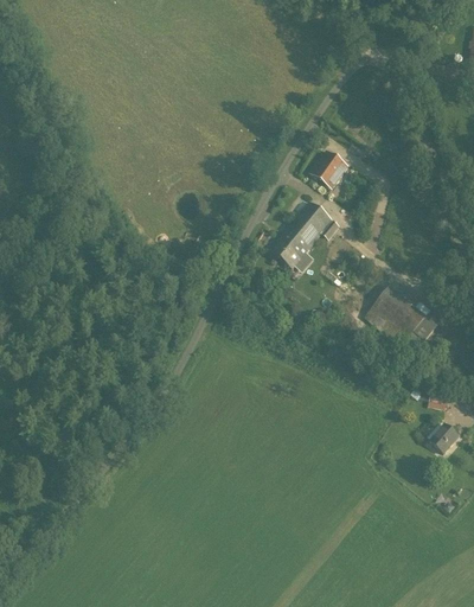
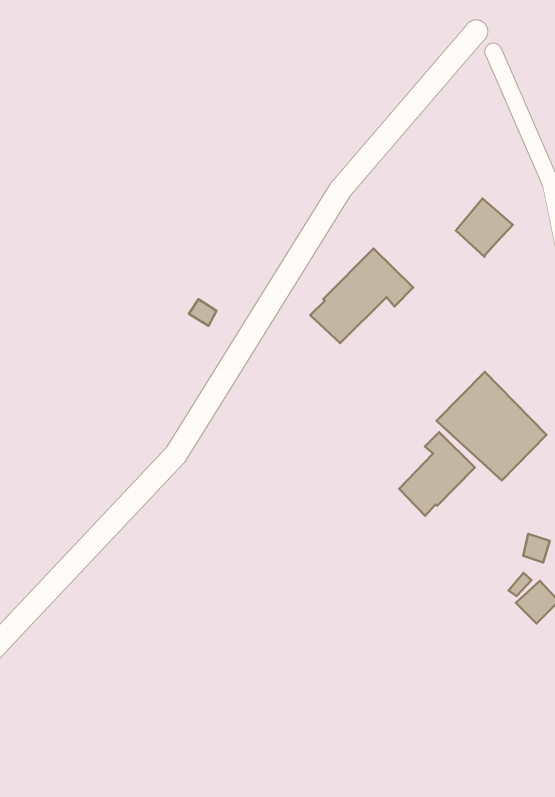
building: [310,149,350,190] -> [456,199,513,257]
building: none -> [399,432,475,516]

